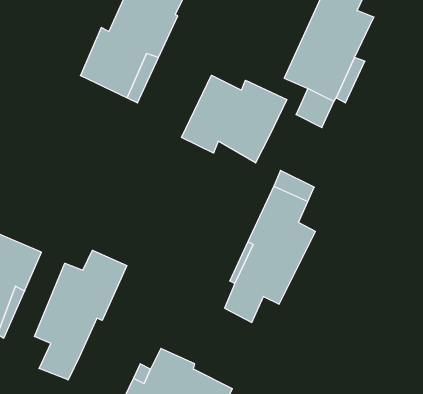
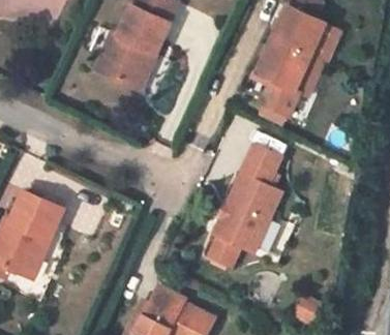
building: [182,75,287,163] -> none
building: [35,250,127,380] -> none

